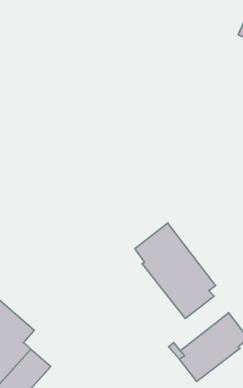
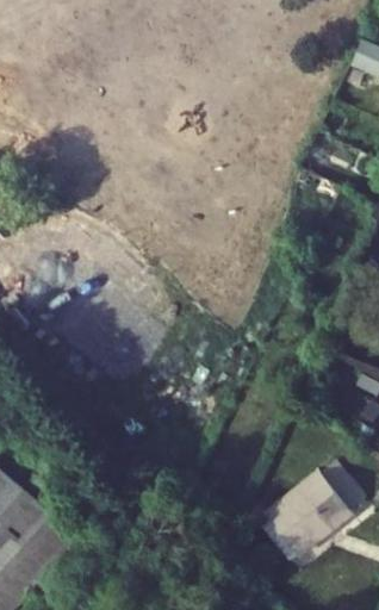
building: [135,223,216,318] -> none

